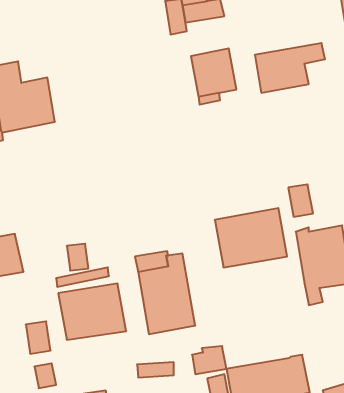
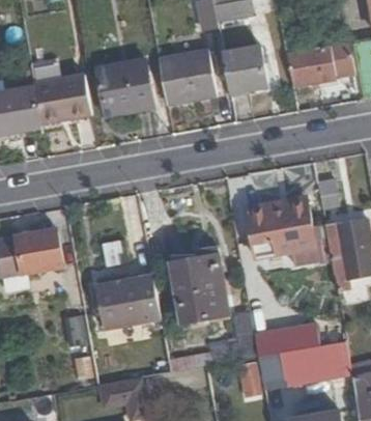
building: none -> [156,39,217,106]
building: none -> [96,60,155,116]
building: none -> [253,324,317,356]

